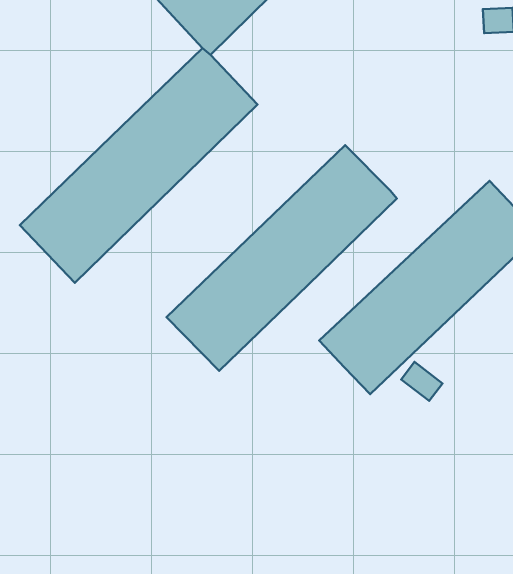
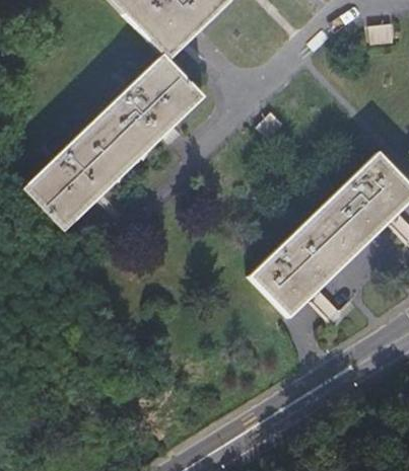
building: [166,145,397,371] -> none

